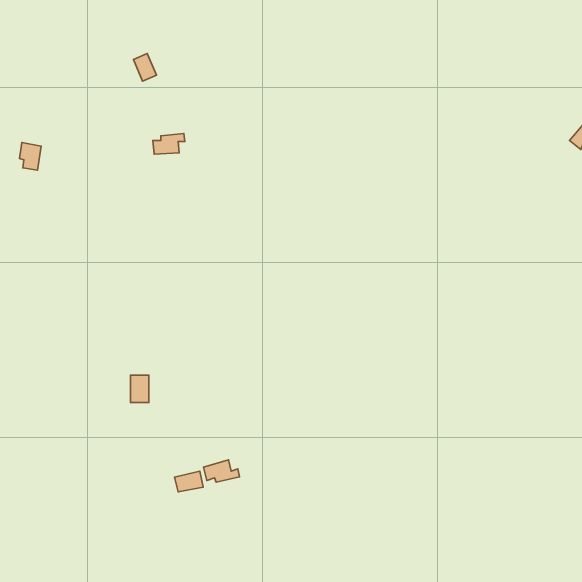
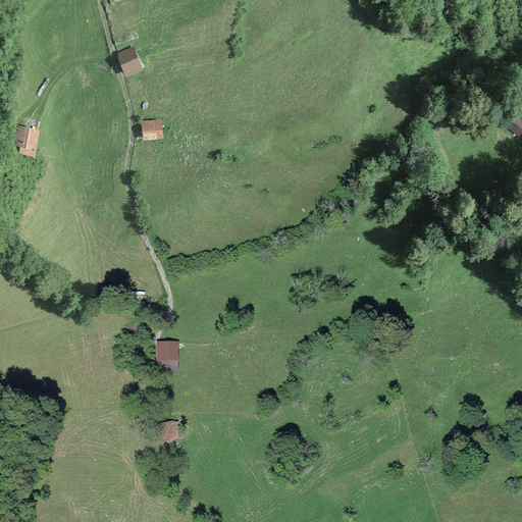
building: [131,375,149,402] -> [160,344,176,368]
building: [203,460,239,482] -> none

